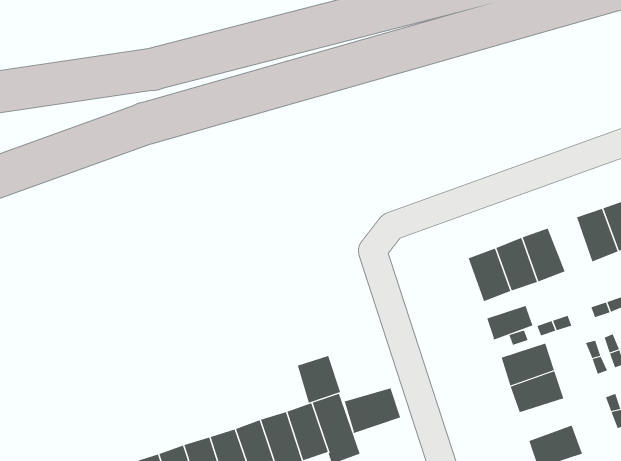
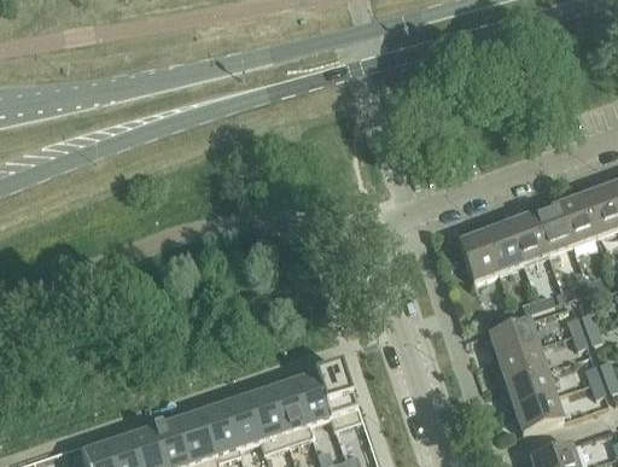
building: none -> [532,202,572,251]
building: [486,305,533,340] -> none
building: [297,355,341,403] -> none
building: [344,388,401,434] -> none
building: none -> [506,367,554,405]

